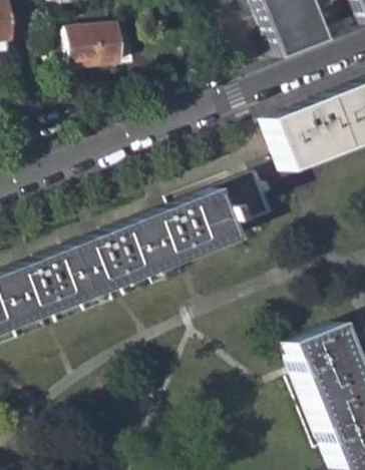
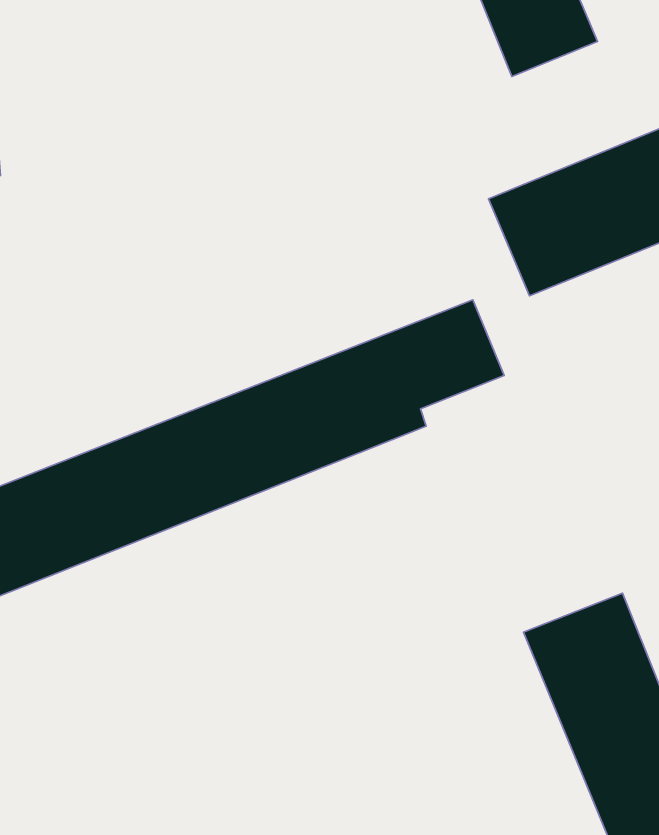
building: [69,24,120,69] -> none

